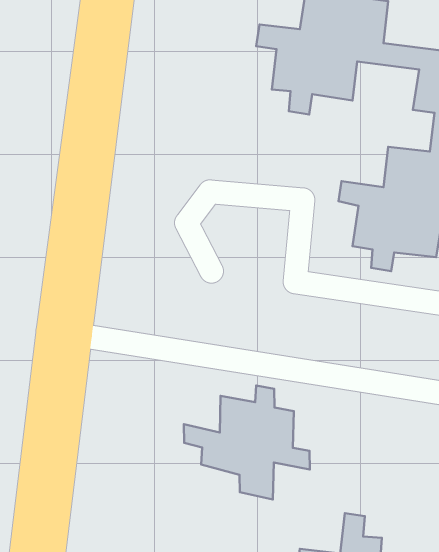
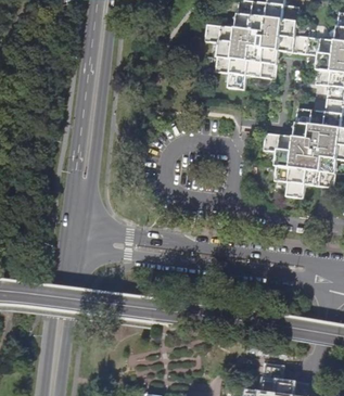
building: [184,385,310,499] -> none

